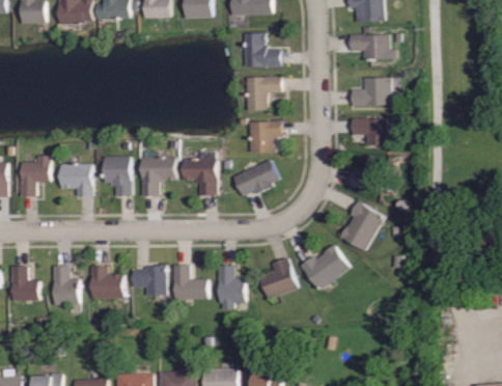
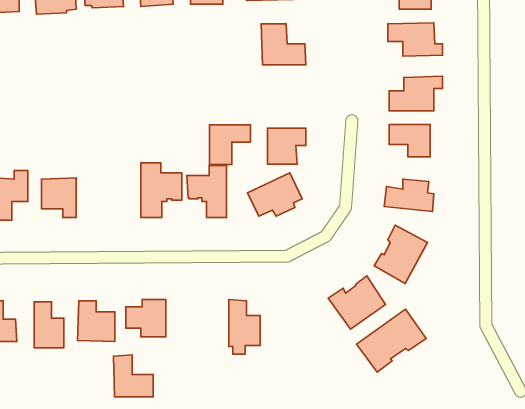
building: [247,77,281,110] -> [209,125,250,164]
building: [102,155,130,194] -> none
building: [258,258,295,298] -> none
building: [173,264,206,299] -> [113,355,153,397]
building: none -> [357,309,426,372]

